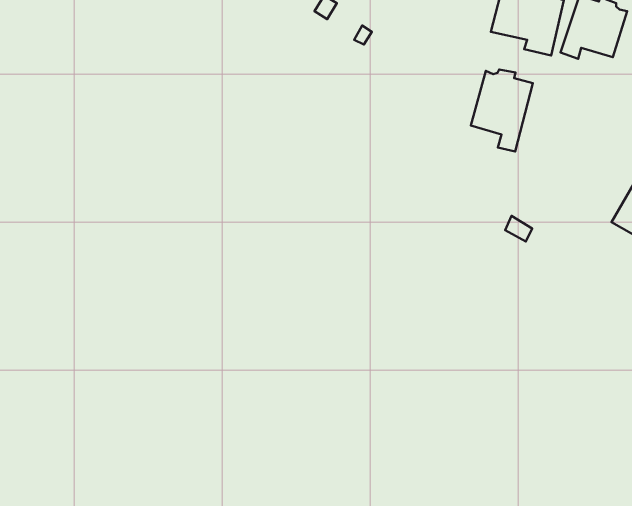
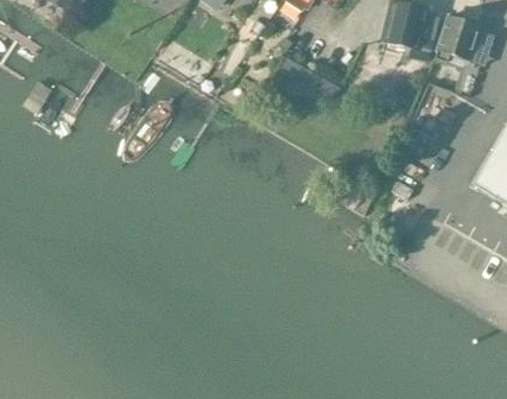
building: [471,70,533,152] -> none

